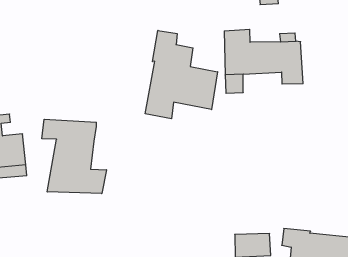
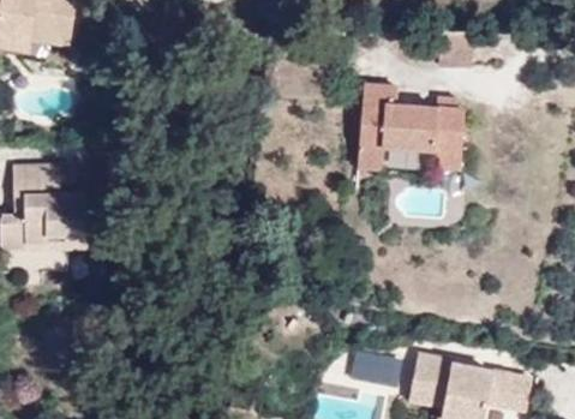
building: [145,30,218,119] -> none
building: [42,119,106,194] -> none

